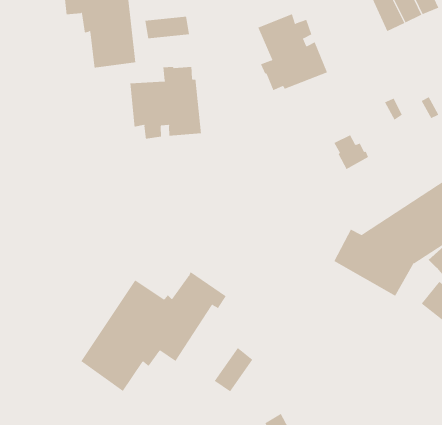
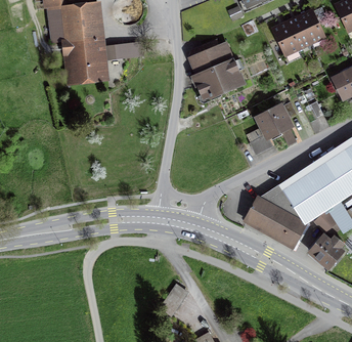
building: [130,66,202,139] -> none
building: none -> [258,105,296,144]
building: [80,271,226,392] -> none

